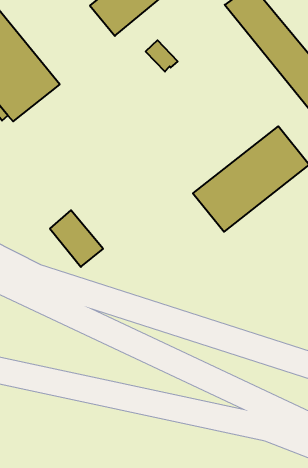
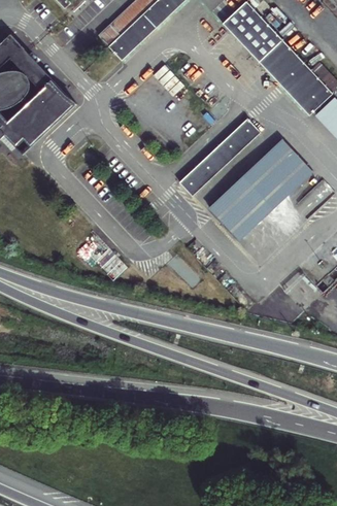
building: none -> [180,119,261,195]

